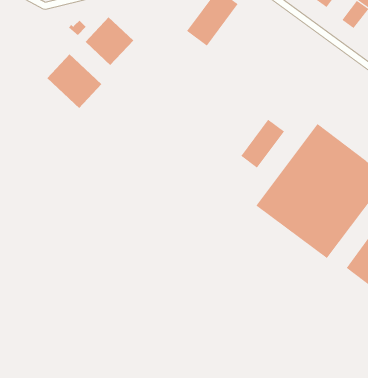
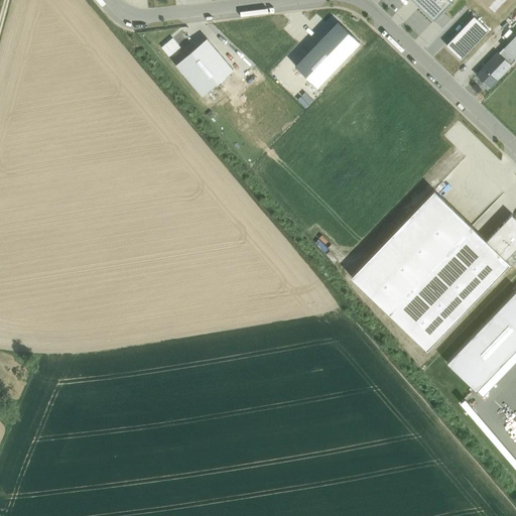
building: [47,53,102,109] -> none
building: [240,119,285,168] -> none

